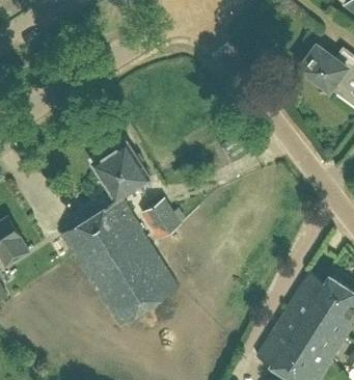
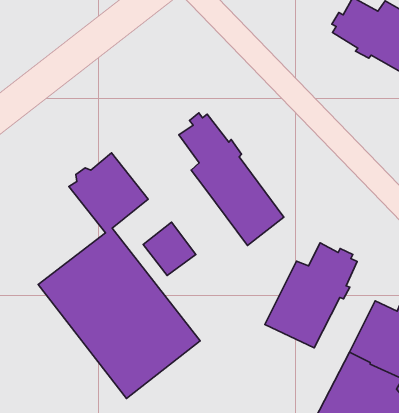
building: none -> [179,113,284,246]
building: none -> [265,243,357,348]

